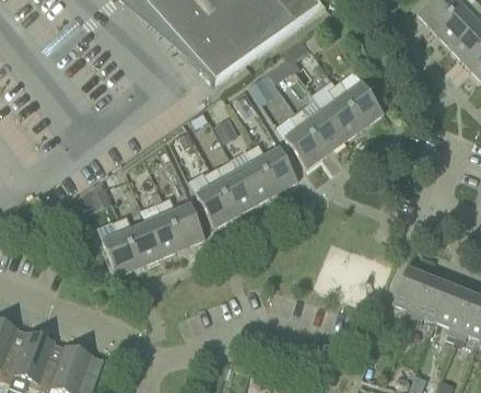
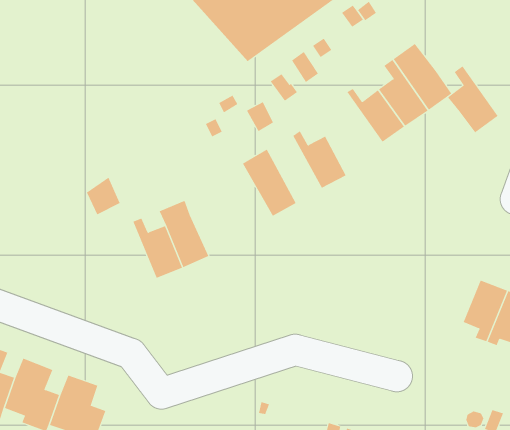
building: [283,112,326,167] -> [447,66,499,133]
building: [231,148,275,204] -> none
building: [196,171,235,227] -> none
building: [163,198,204,247] -> none
building: [102,219,139,276] -> none

